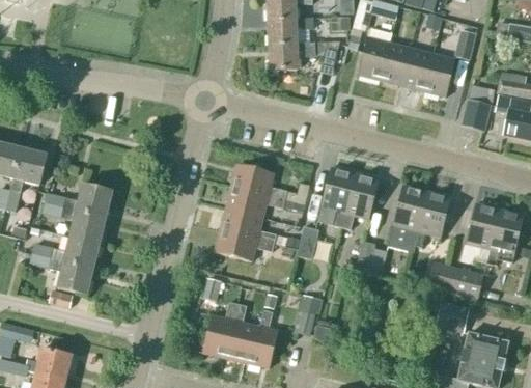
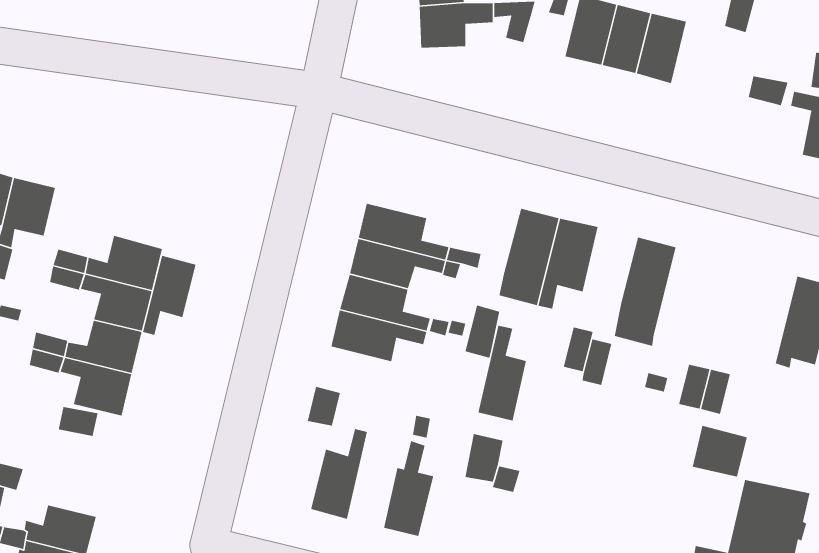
building: [423,53,455,96] -> none
building: [460,100,490,132] -> none
building: [413,191,450,247] -> none
building: none -> [142,255,196,336]
building: [466,203,500,262] -> none
building: [453,269,483,300] -> none
building: [225,304,255,363] -> [478,325,527,421]

